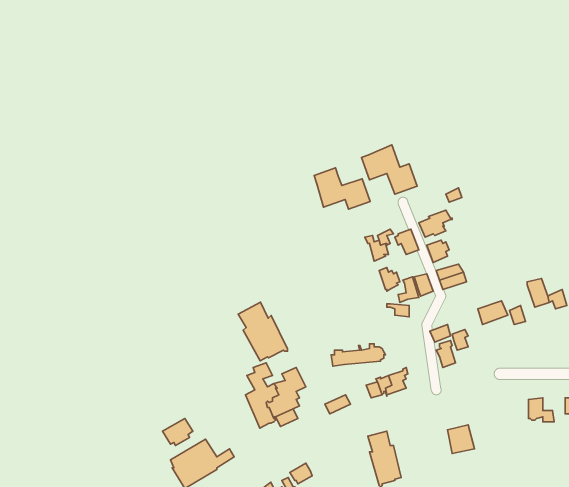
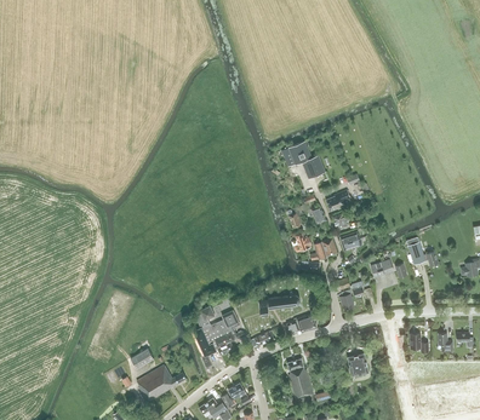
building: [314,168,370,209] -> none
building: [238,302,288,361] -> none

